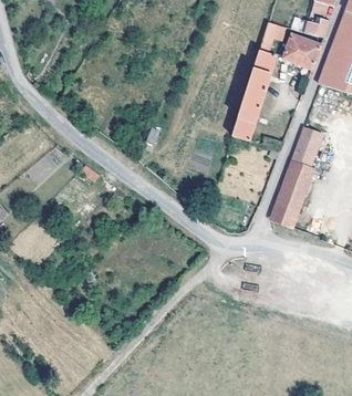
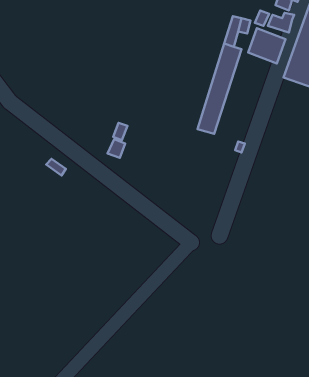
building: [270,126,322,226] -> none

